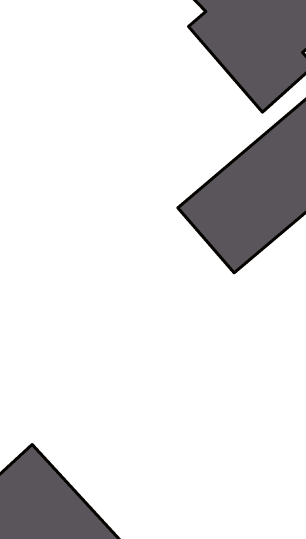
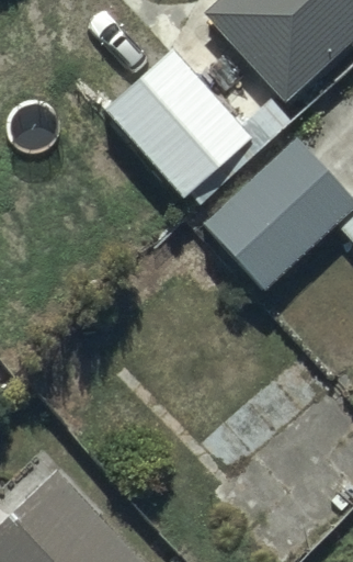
building: none -> [102,42,249,191]

